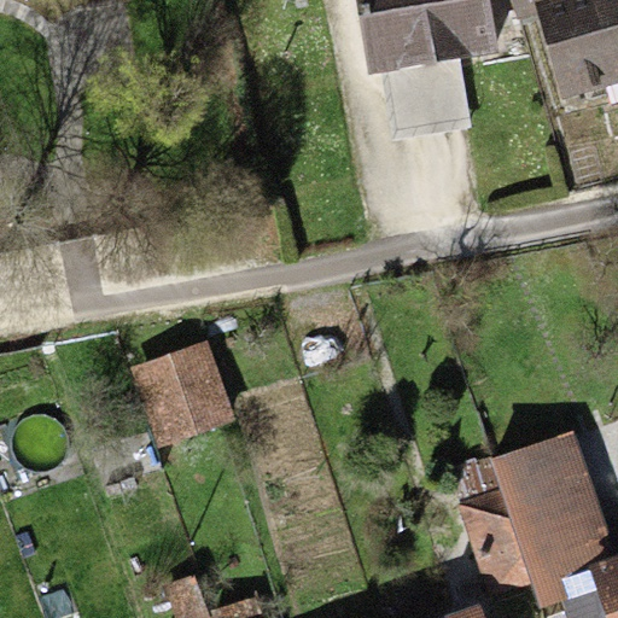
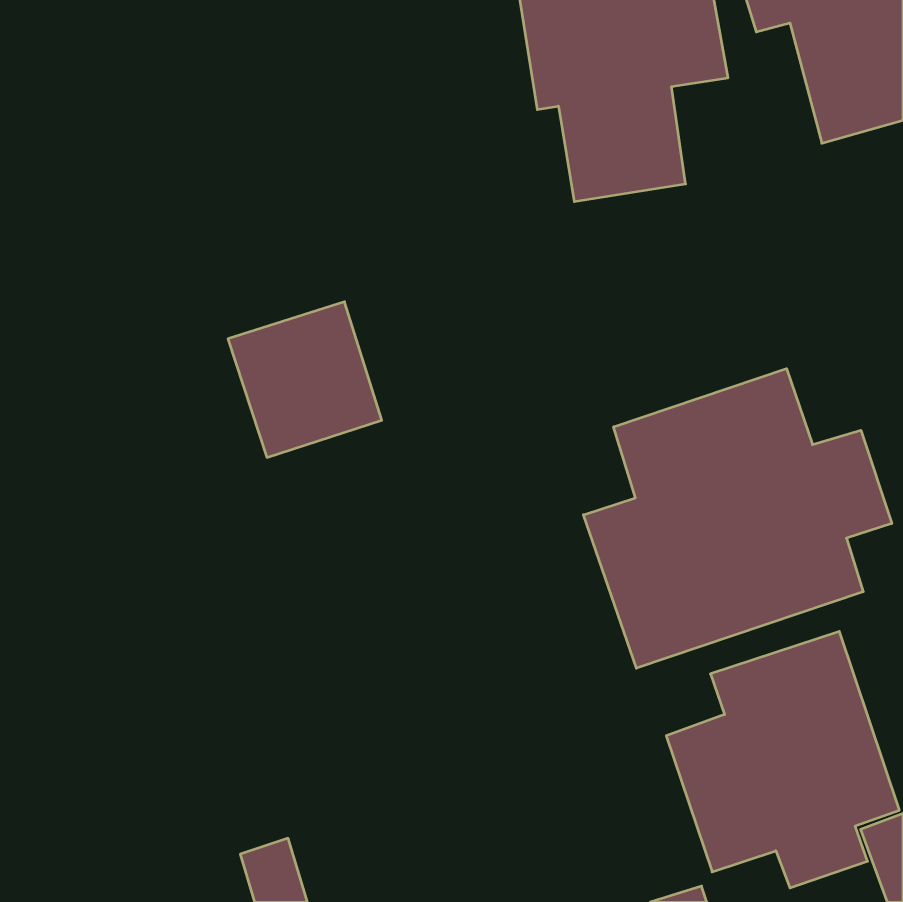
building: none -> [583,369,892,668]
building: [129,340,234,447] -> [228,302,382,457]

